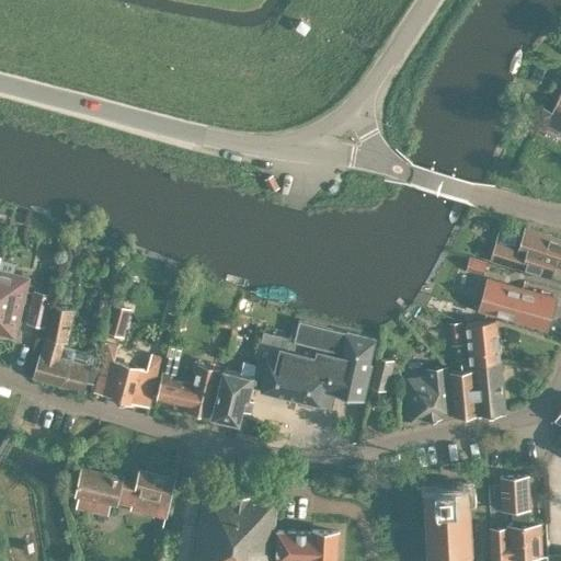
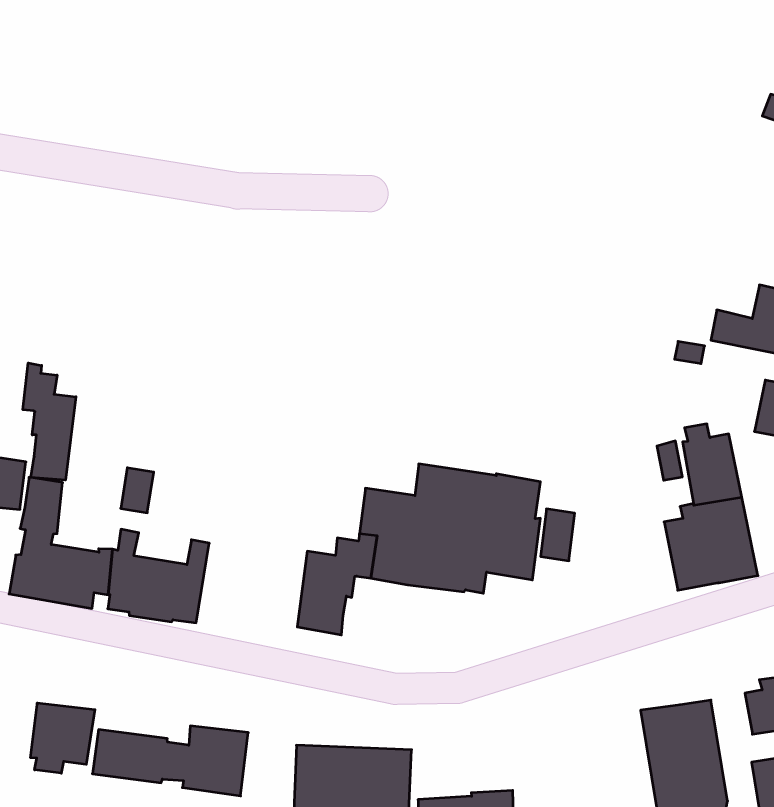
building: none -> [23,363,76,480]
building: [479,282,522,322] -> none
building: [156,363,218,417] -> none
building: [405,368,451,424] -> none
building: none -> [31,703,95,773]

